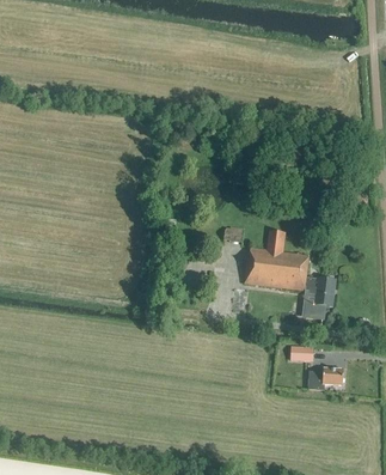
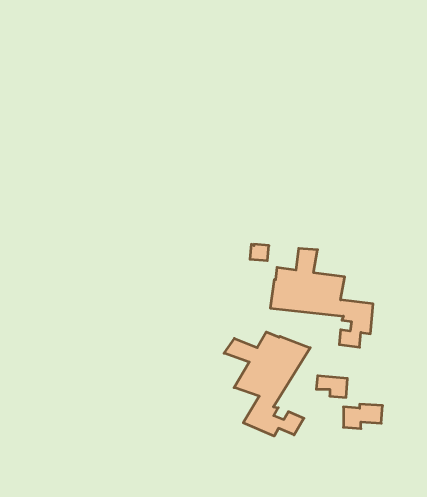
building: none -> [224,332,310,436]

